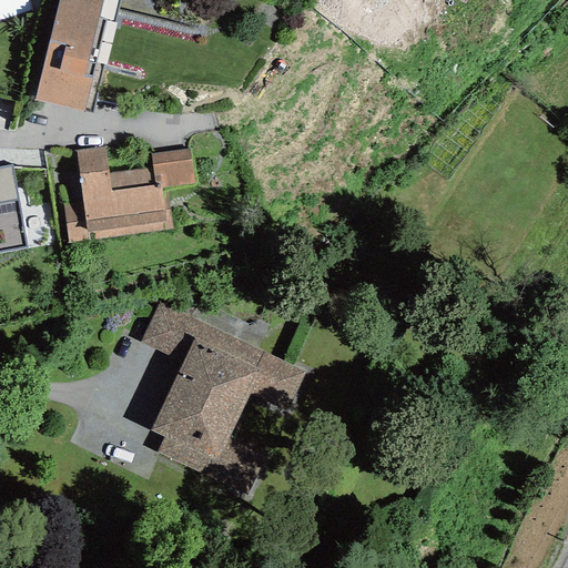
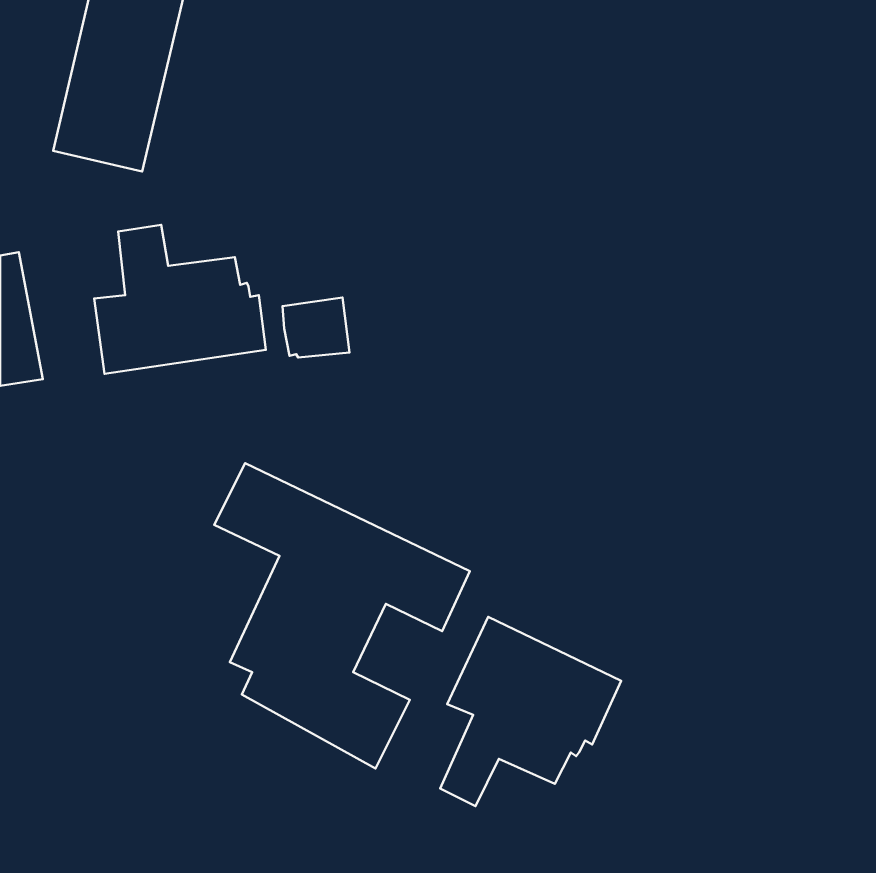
building: [151,146,194,185] -> [283,298,349,358]
building: none -> [440,617,621,806]

